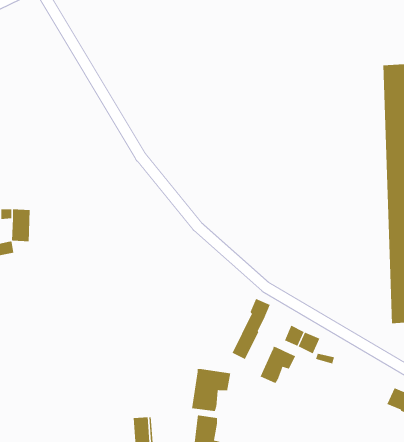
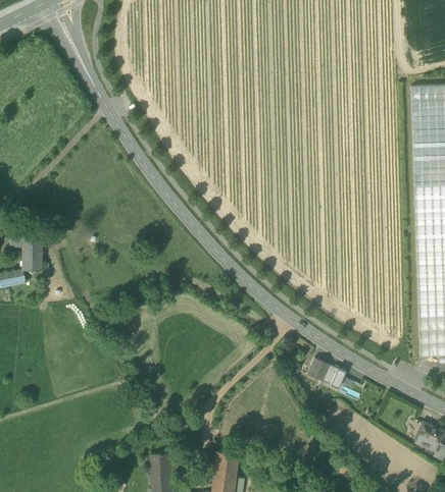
building: [232,298,270,360] -> none
building: [260,346,296,384] -> none
building: [192,368,231,412] -> none

